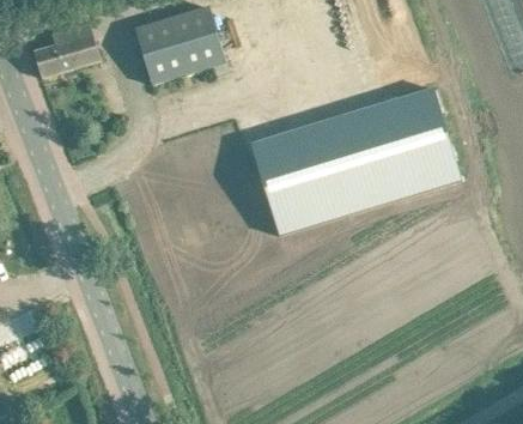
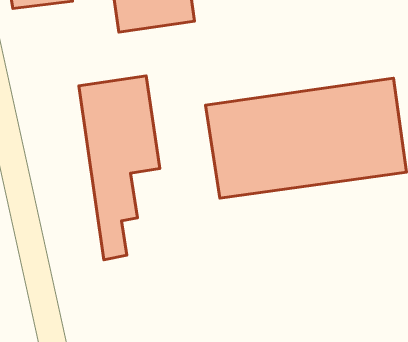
building: none -> [79,76,160,260]

